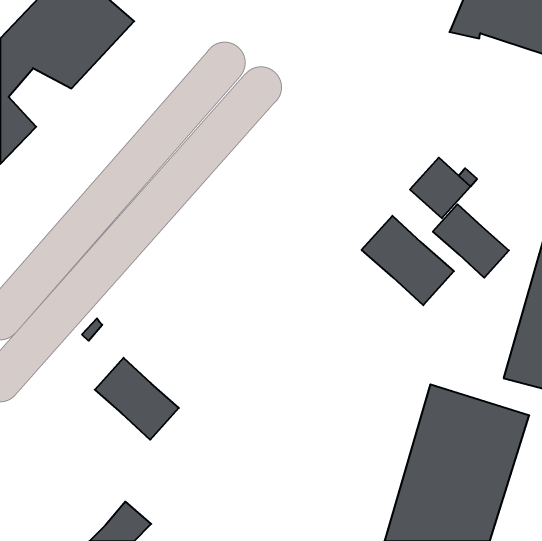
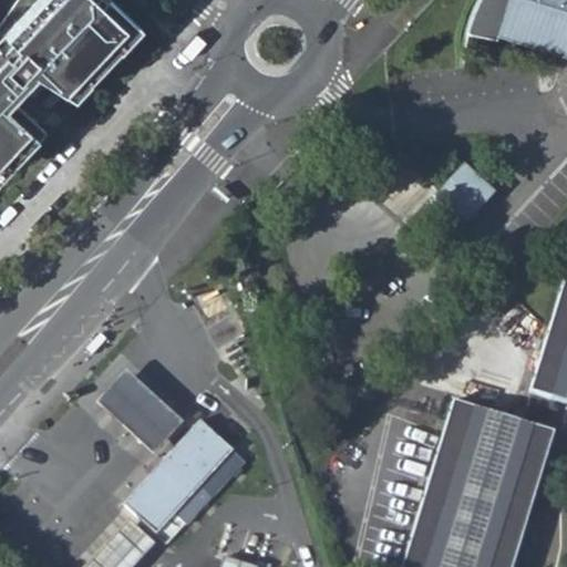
building: [433,204,509,278] -> none
building: [362,216,454,305] -> none
building: none -> [126,420,247,544]

